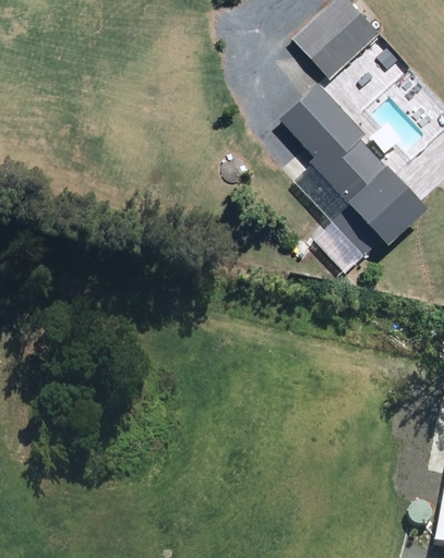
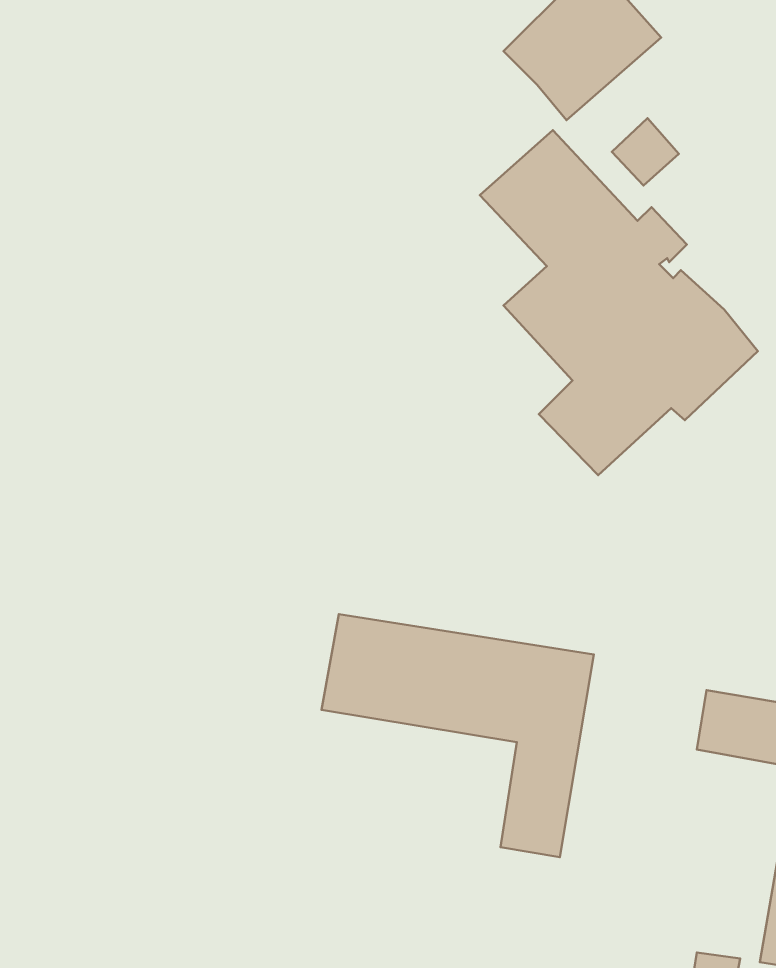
building: none -> [322,614,594,857]

